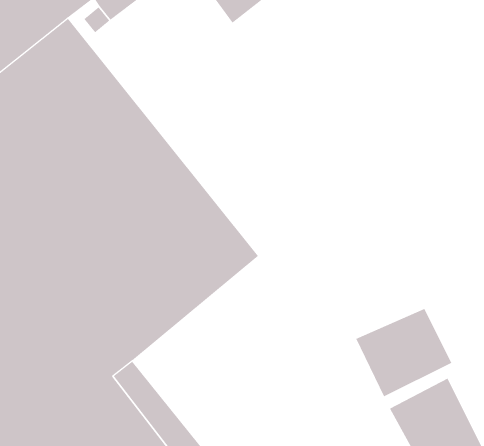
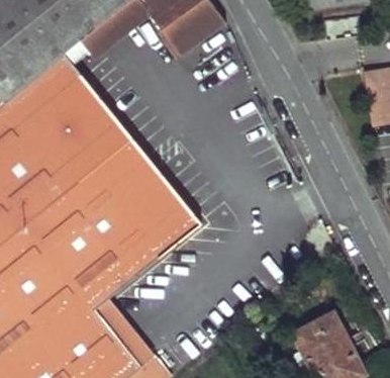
building: [356,308,452,397] -> none

